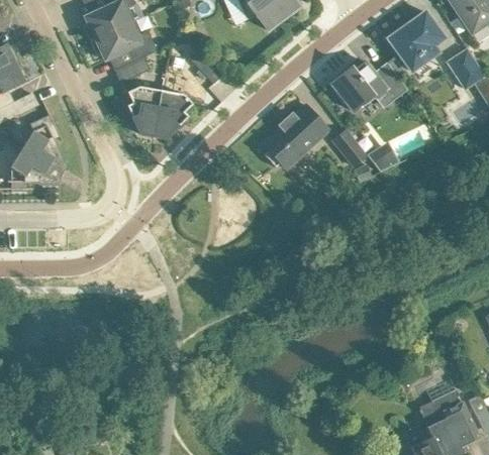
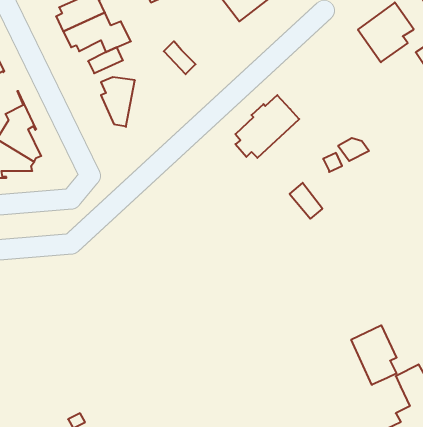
building: [331,60,407,111] -> none
building: [153,90,193,138] -> none
building: [332,129,366,165] -> [290,183,322,219]
building: none -> [351,325,397,385]

